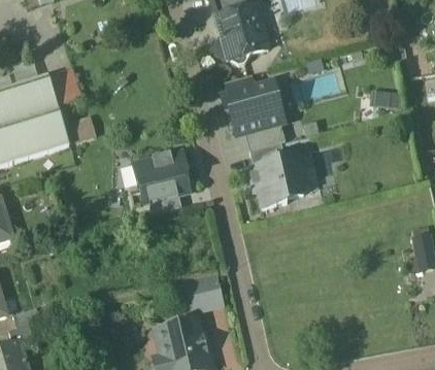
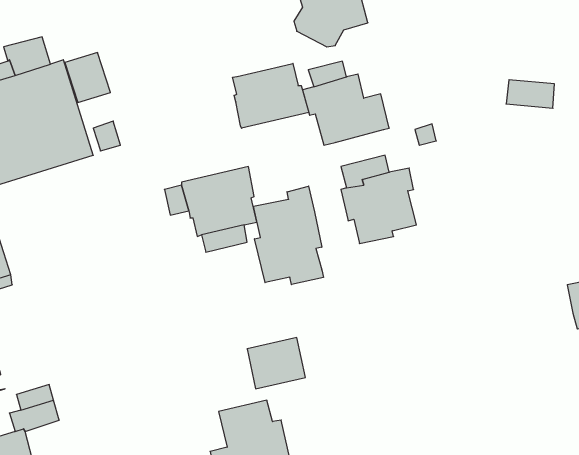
building: none -> [233,63,309,128]
building: [245,125,286,152] -> none
building: none -> [253,186,323,285]

